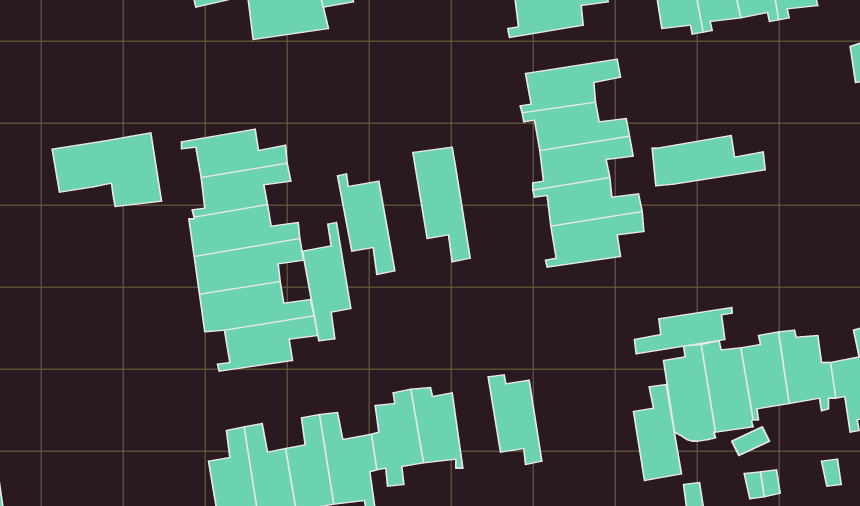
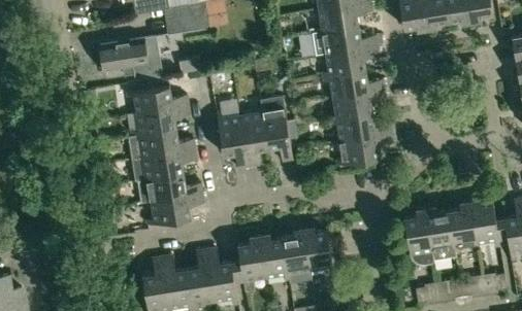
building: [52,133,162,206] -> [99,37,162,79]
building: [652,136,765,186] -> [313,26,378,55]
building: [303,222,351,341] -> [240,99,268,167]
building: [635,307,732,354] -> none
building: none -> [283,228,312,280]
building: [633,385,681,481] -> none

